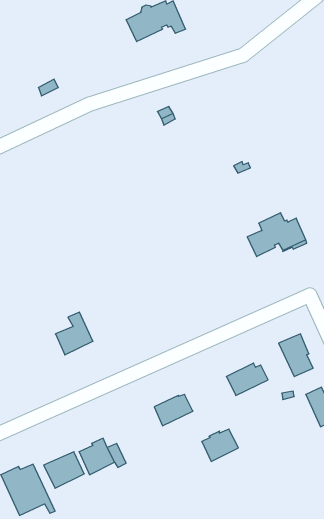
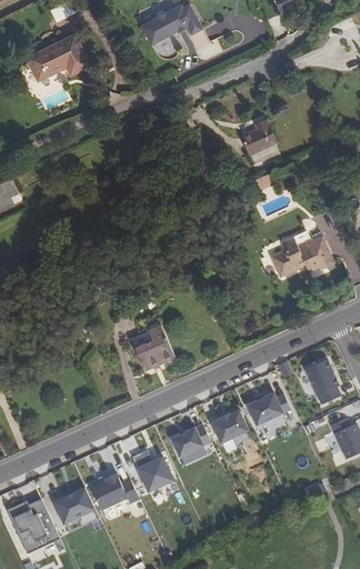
building: none -> [29,36,90,80]
building: none -> [244,118,280,153]
building: [55,312,93,355] -> [132,326,172,371]
building: none -> [132,448,174,491]
building: [202,429,238,461] -> [211,408,250,442]

